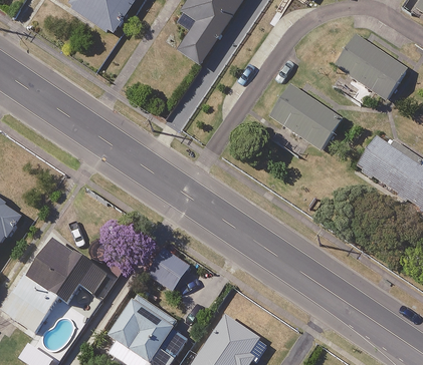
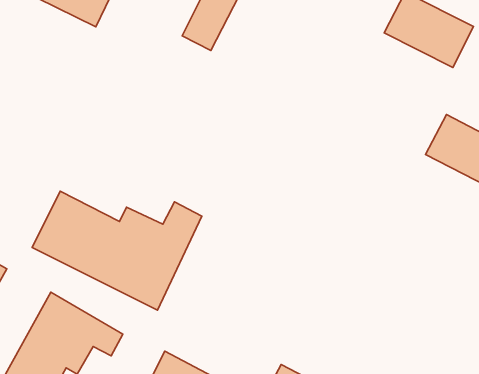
building: [270,86,342,149] -> none
building: none -> [32,191,202,310]
building: [147,250,188,290] -> none

